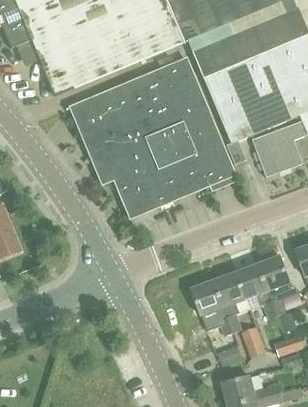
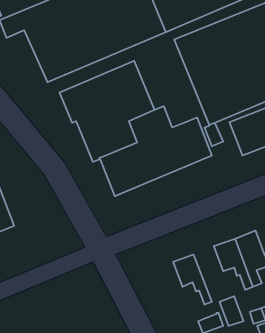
building: [149,57,217,144] -> none
building: [213,272,245,332] -> none

